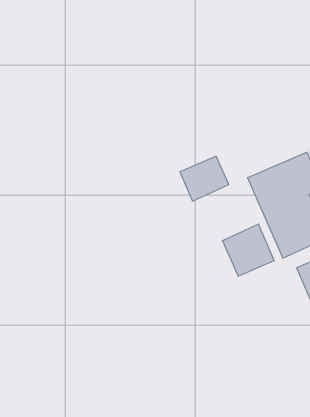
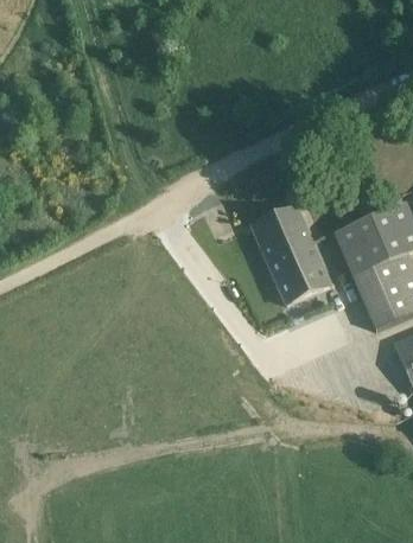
building: [222,224,274,276] -> [267,239,330,302]

